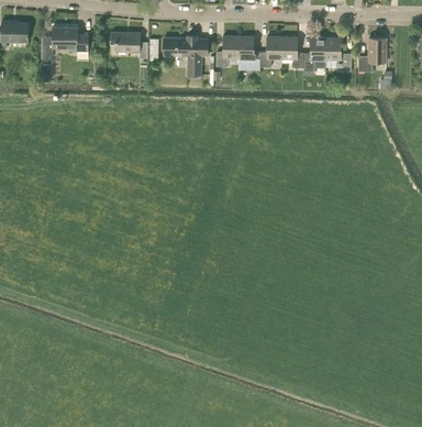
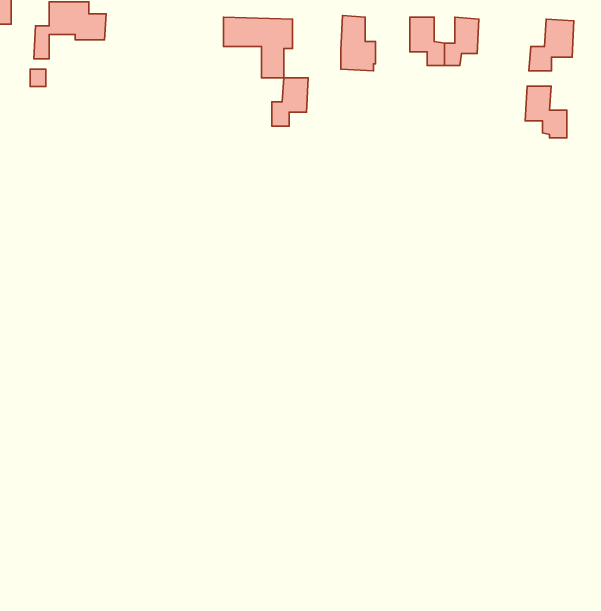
building: [110,32,147,57] -> none
building: [215,35,238,66] -> [272,78,308,126]
building: [259,36,281,67] -> none
building: [324,37,351,70] -> [525,86,567,138]

